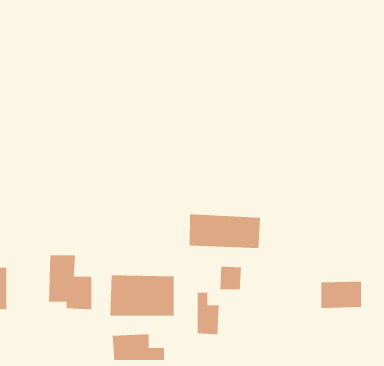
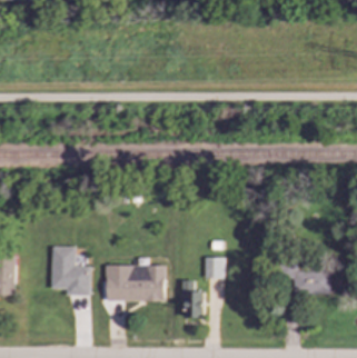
building: [189,214,261,249] -> none
building: [112,334,164,361] -> none

